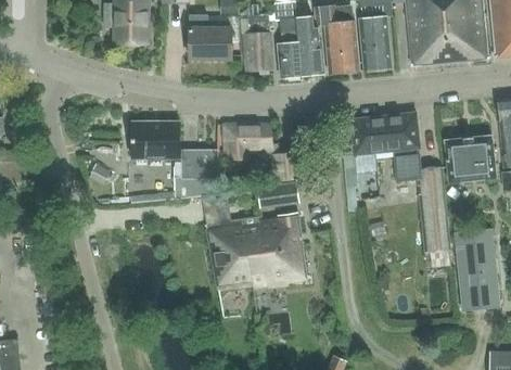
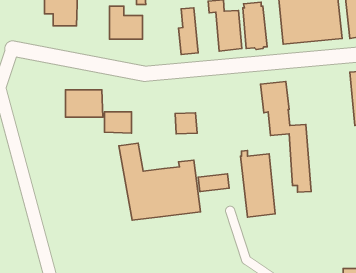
building: [243,14,271,69] -> none
building: [297,16,323,75] -> none
building: [349,115,387,155] -> none
building: [225,124,272,160] -> none
building: [445,136,496,182] -> none
building: [256,182,296,205] -> [198,174,229,192]
building: [455,225,499,310] -> [241,150,275,217]

